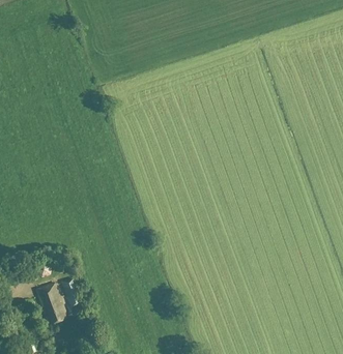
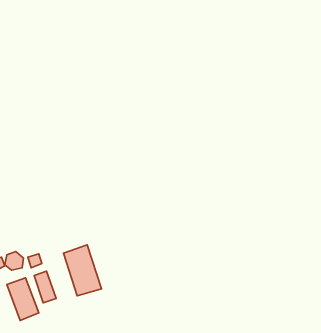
building: none -> [63,245,102,296]

